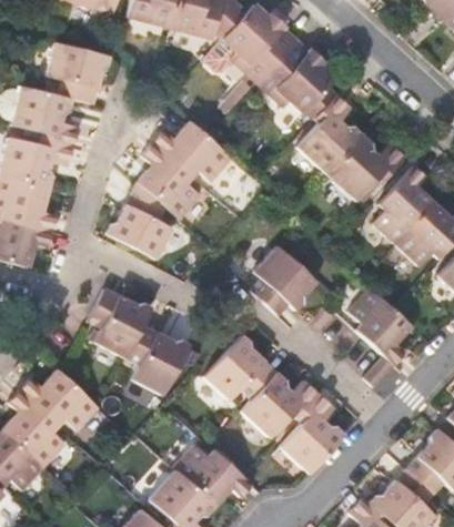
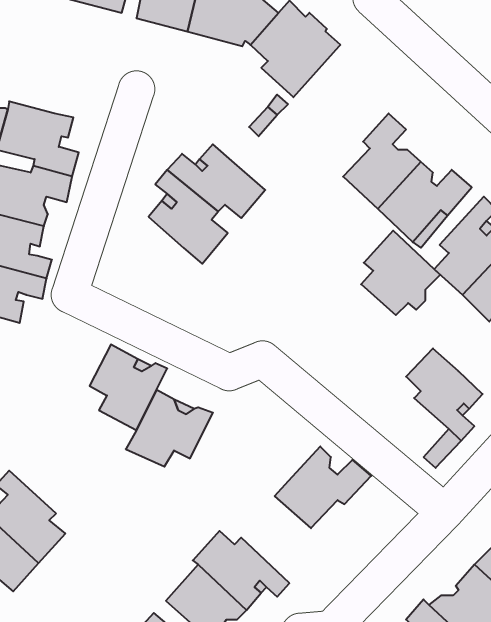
building: [256,40,335,119] -> none
building: [49,42,113,104] -> none
building: [104,181,172,260] -> none
building: [251,245,316,315] -> [361,231,440,315]
building: [204,334,279,402] -> none
building: [21,369,100,430] -> none
building: [280,395,345,474] -> none

